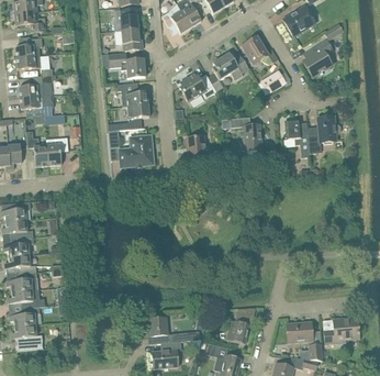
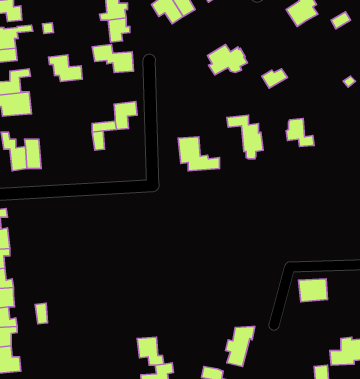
building: [242,35,272,63] -> none
building: [302,40,333,76] -> none
building: [181,73,216,100] -> none
building: [116,81,147,106] -> [48,55,82,82]
building: [308,115,340,152] -> none
building: [119,134,153,166] -> none
building: [286,321,312,342] -> [298,279,327,302]

